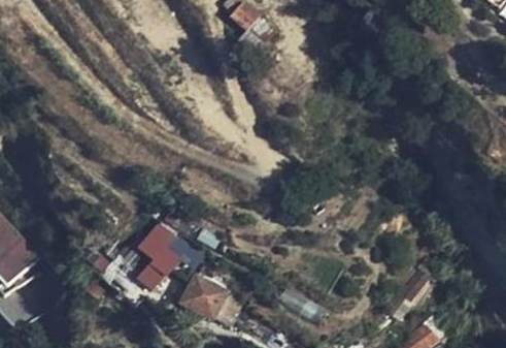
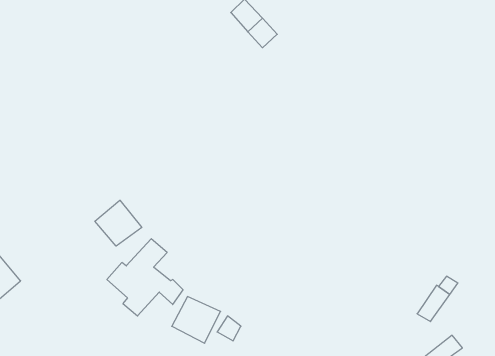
building: none -> [95,200,142,246]

